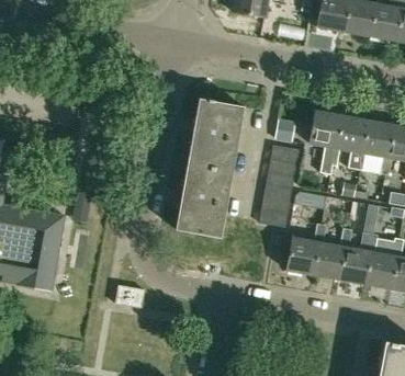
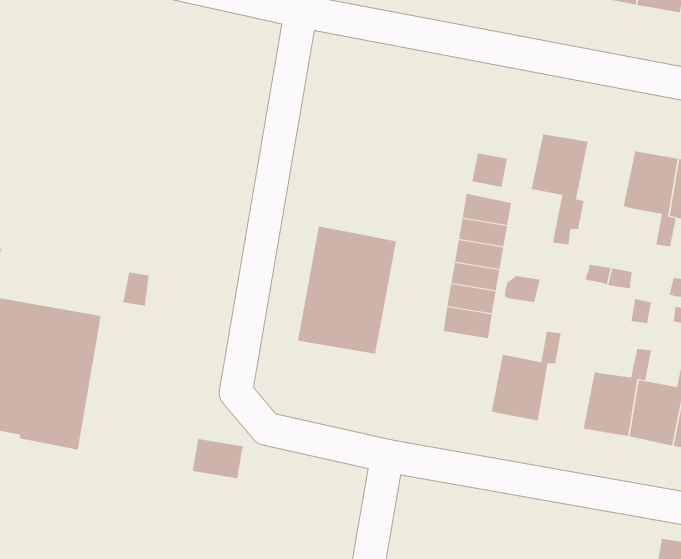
building: [188,98,245,171] -> none
building: [336,114,369,170] -> none
building: [314,227,352,278] -> none

